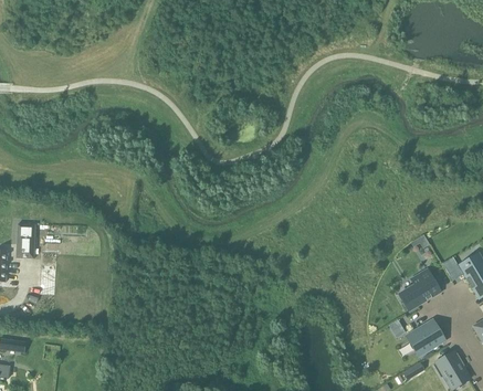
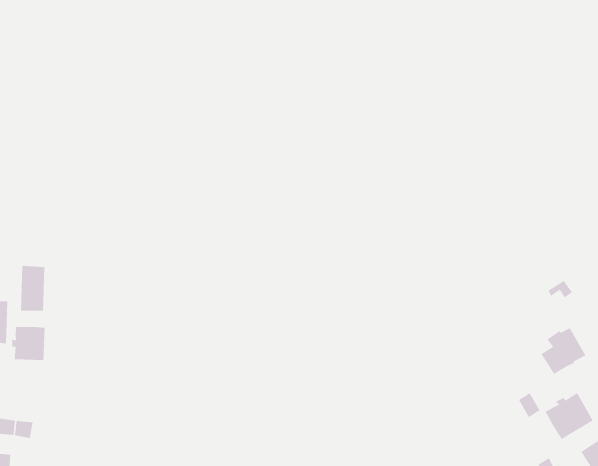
building: none -> [12,326,45,361]

